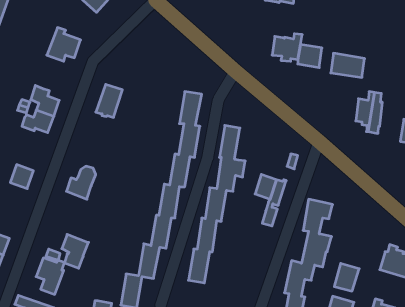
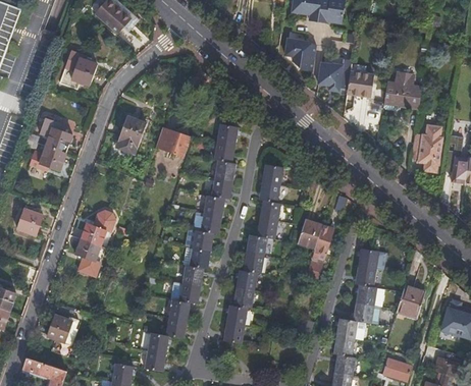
building: none -> [283,37,315,70]
building: none -> [156,127,191,156]
building: [62,234,89,268] -> [75,238,106,277]
building: [334,263,359,291] -> [397,285,425,317]

